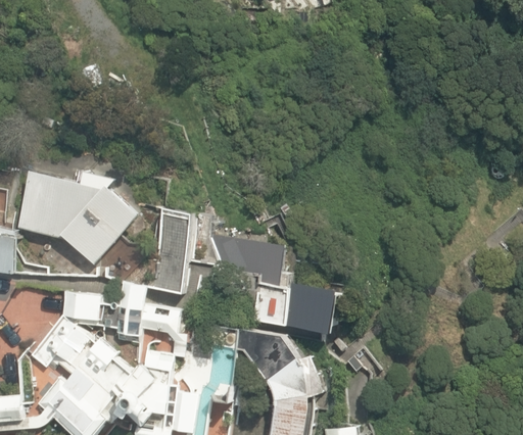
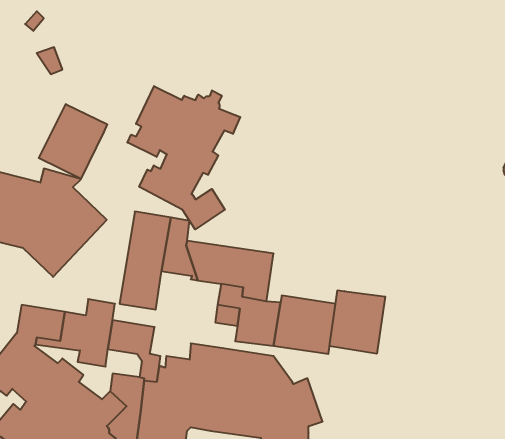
building: none -> [127,86,240,229]
building: none -> [39,104,107,179]
building: none -> [329,290,385,354]

